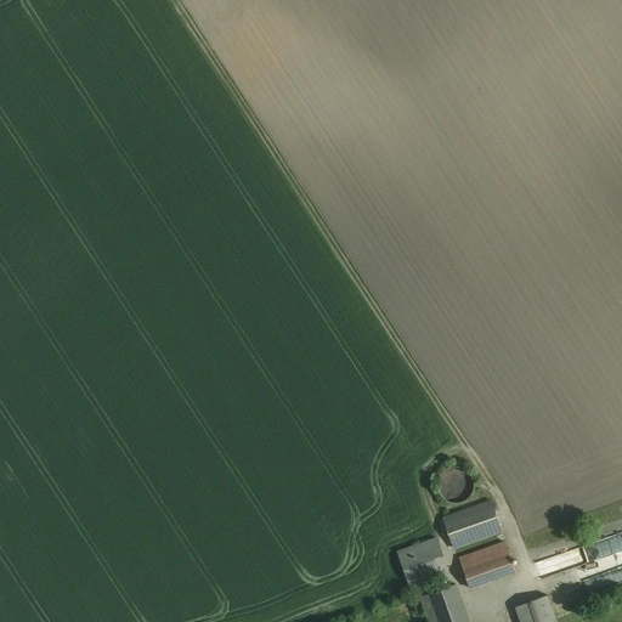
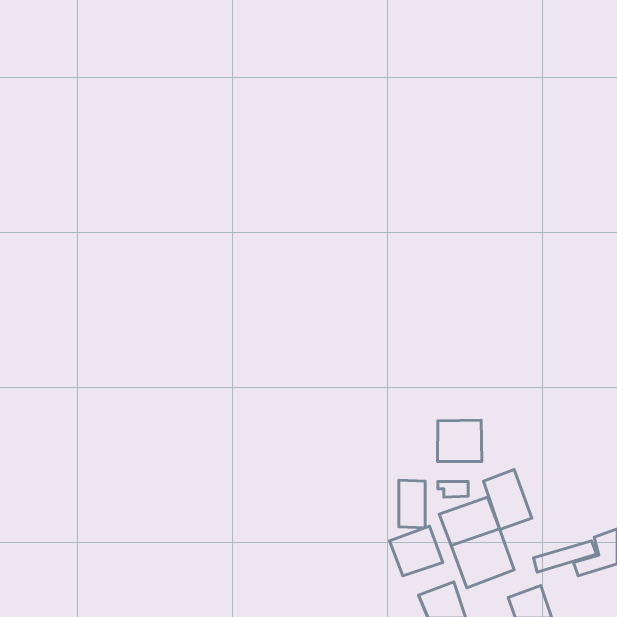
building: none -> [437,420,482,462]
building: none -> [483,470,532,529]
building: none -> [399,480,425,528]

